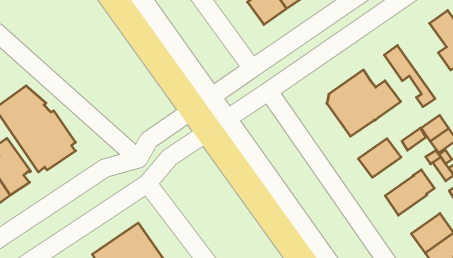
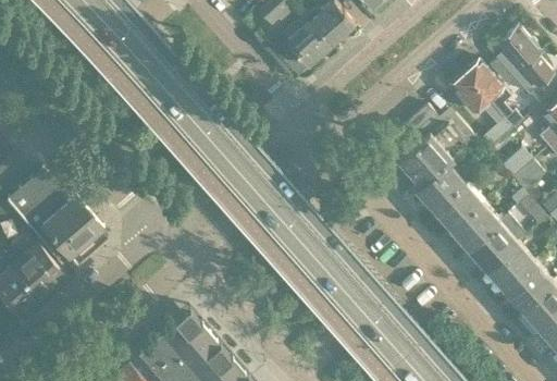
building: none -> [465,63,523,132]
building: none -> [416,164,465,211]
building: none -> [453,204,500,250]
building: none -> [487,244,535,291]

